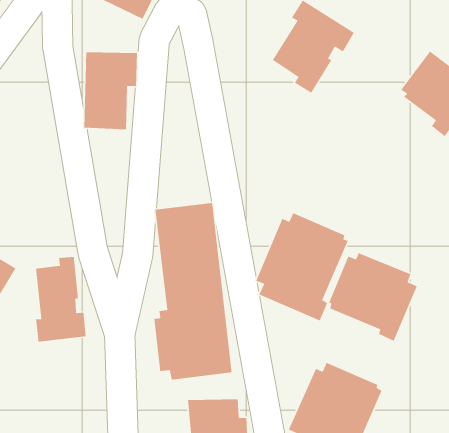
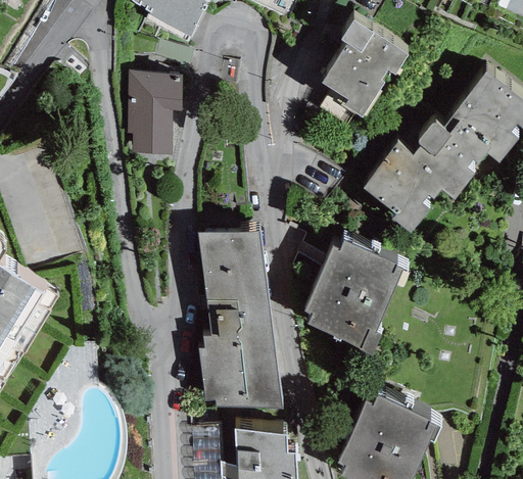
building: none -> [364,118,490,233]
building: [328,252,418,342] -> none
building: [35,256,87,342] -> none

